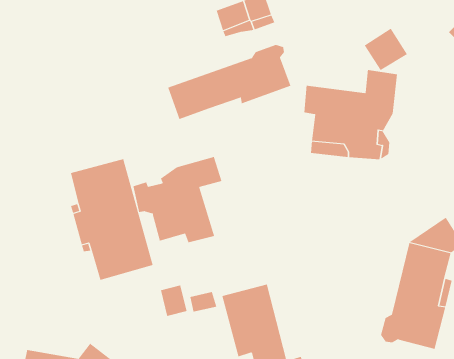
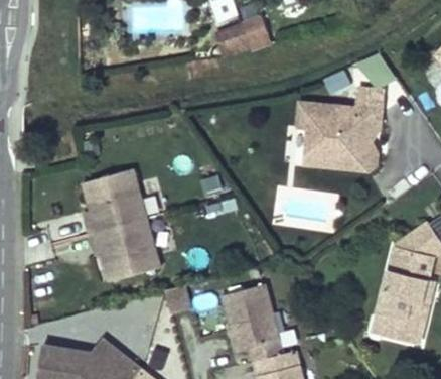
building: [167,44,291,120] -> none
building: [133,156,222,243] -> none

